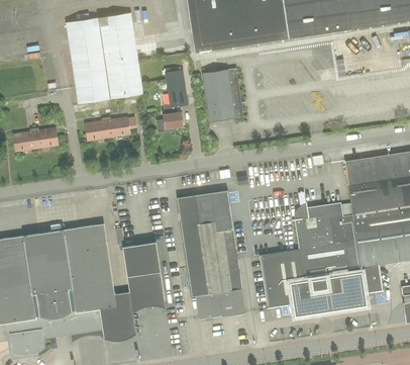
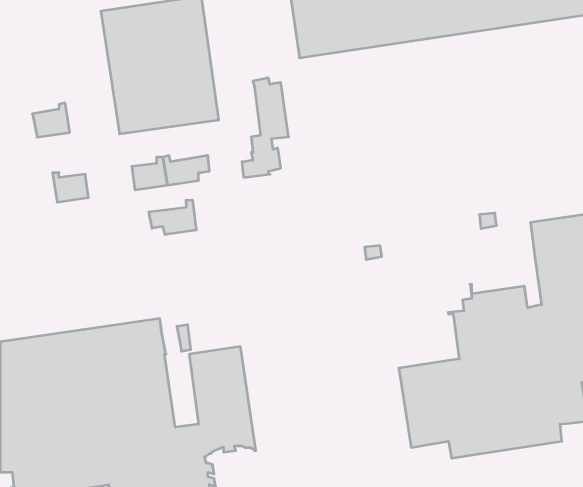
building: [203,68,243,121] -> none
building: [13,128,37,151] -> [32,103,70,137]
building: none -> [149,200,196,235]
building: [177,190,244,318] -> none

